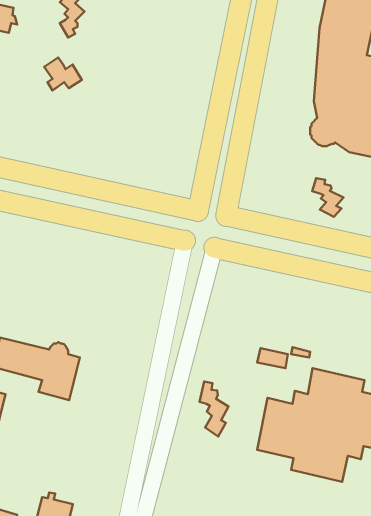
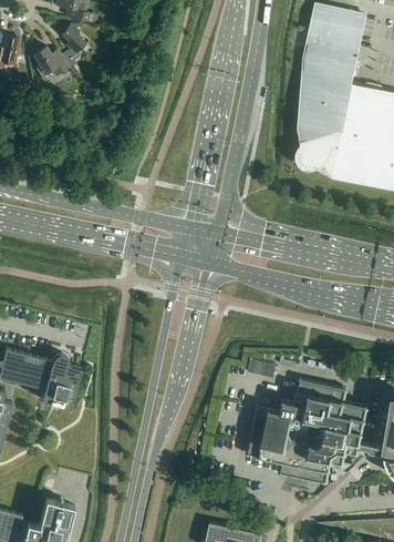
building: [44,58,82,91] -> [32,47,68,78]
building: [312,178,344,217] -> none
building: [199,382,229,437] -> none

